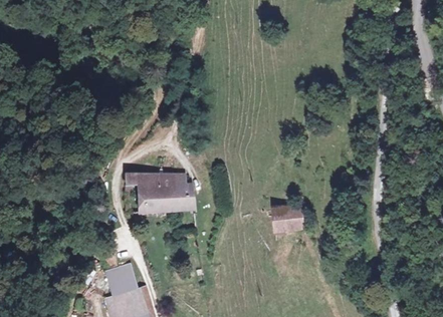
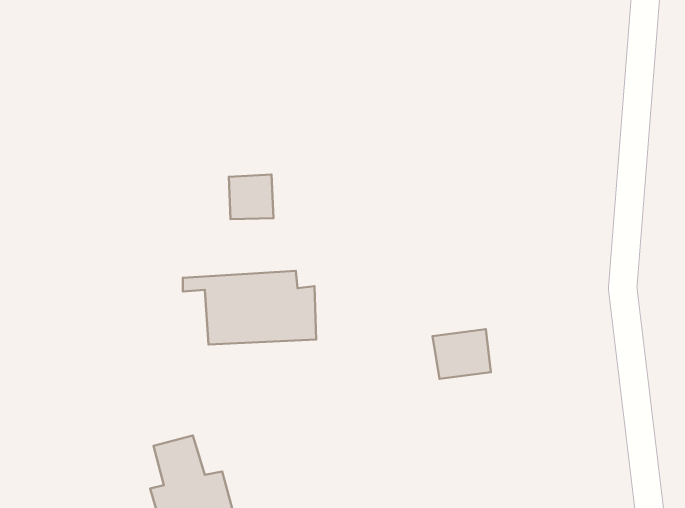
building: none -> [229,174,274,219]

